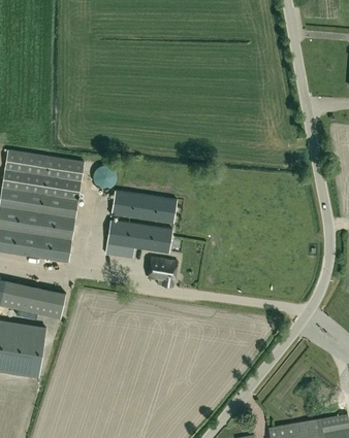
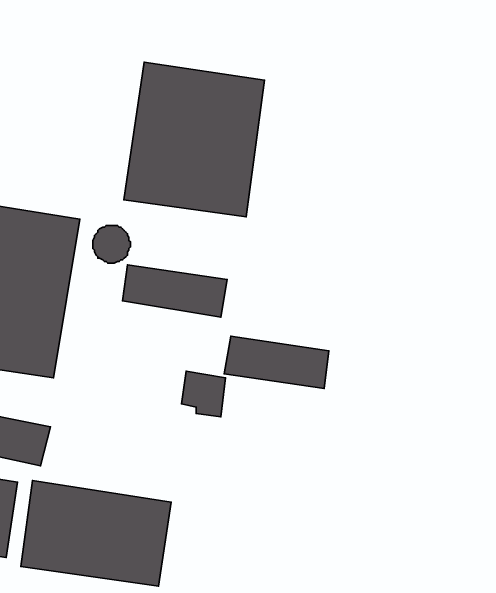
building: none -> [124,62,264,217]
building: [106,221,172,254] -> [224,336,329,389]
building: none -> [21,480,171,586]

